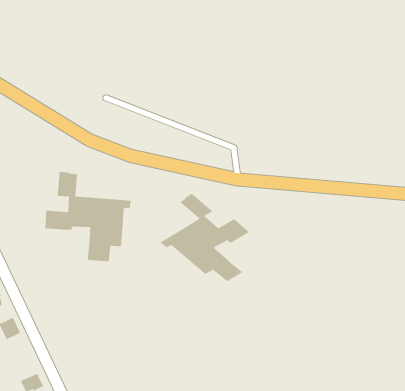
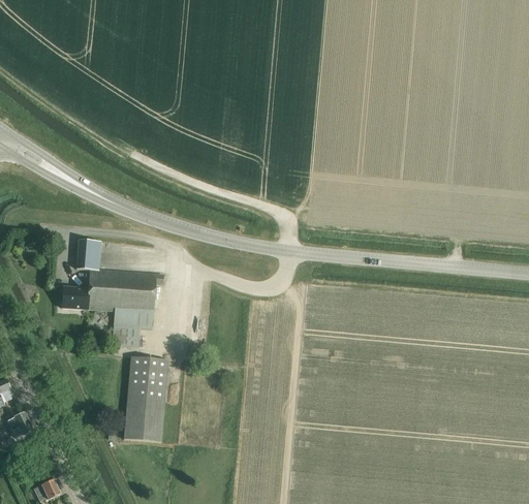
building: [159,193,250,282] -> none
building: none -> [123,356,167,442]

